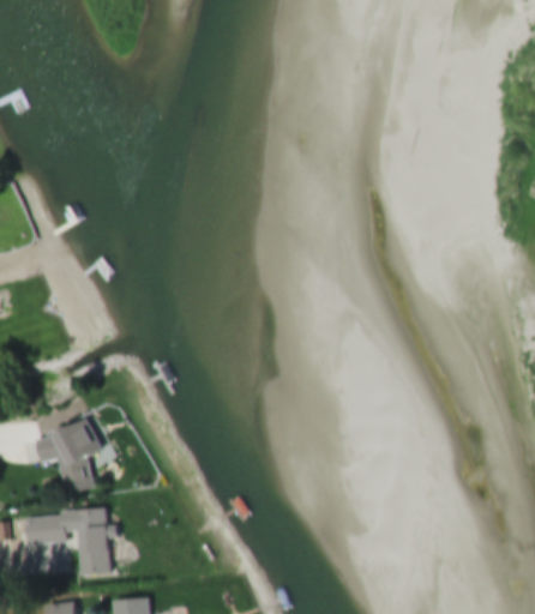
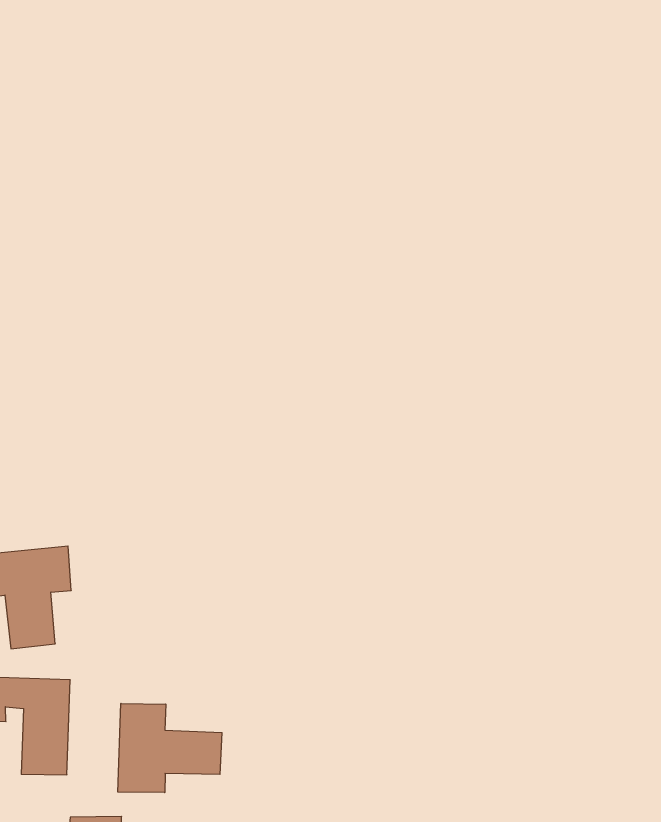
building: none -> [118,703,222,793]

